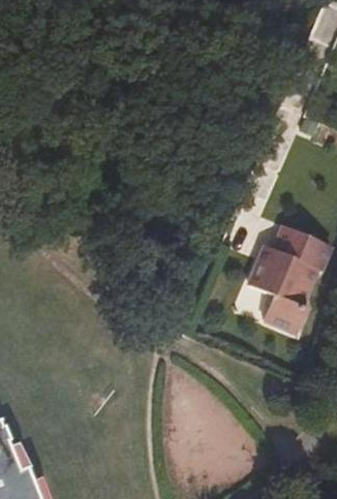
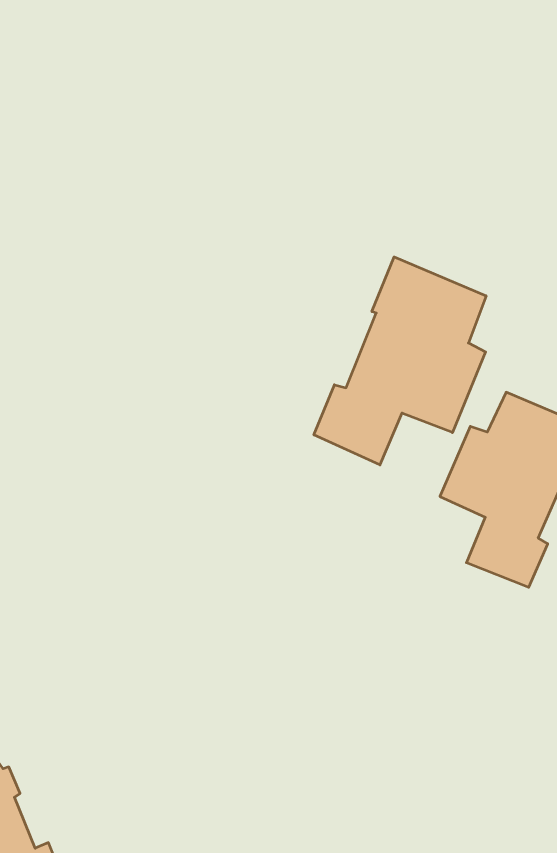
building: none -> [314,257,486,465]

